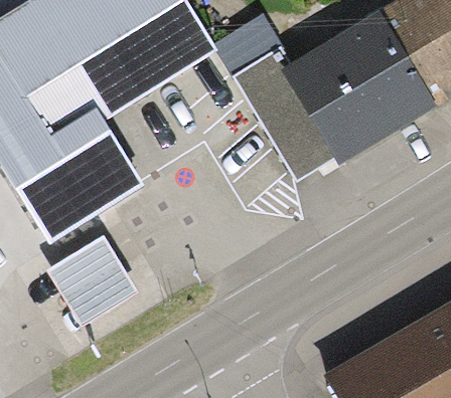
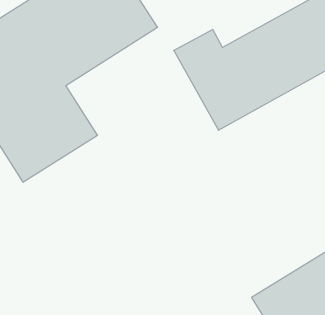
building: [43,234,132,325] -> none

